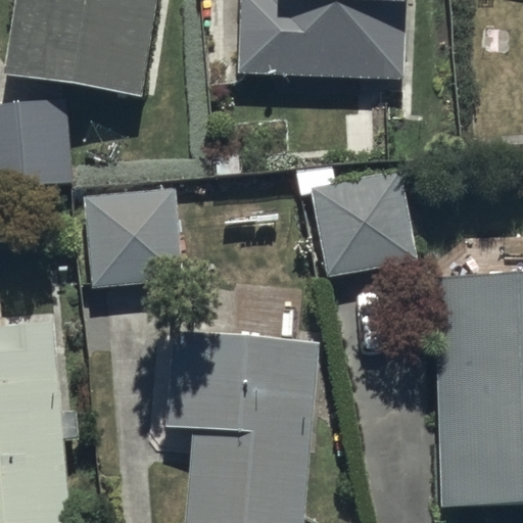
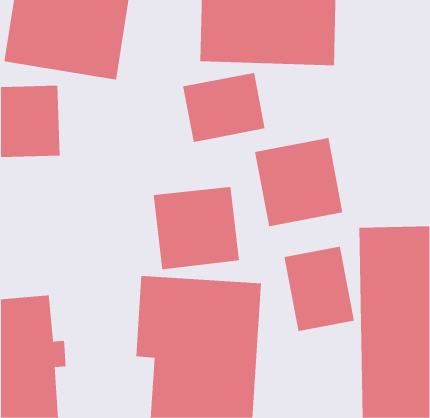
building: none -> [183,72,265,143]
building: [79,186,184,287] -> [153,186,240,270]
building: none -> [284,246,354,332]

